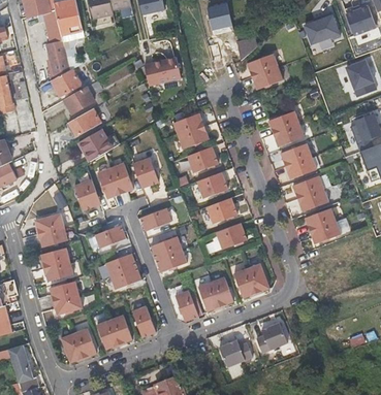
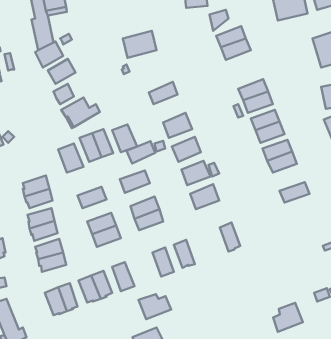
building: [177,126,208,150] -> [126,141,155,163]
building: [307,206,339,229] -> none
building: [233,268,257,298] -> none
building: [212,276,234,307] -> none
building: [254,323,286,354] -> [273,303,303,332]
building: [215,340,250,367] -> [138,294,171,319]

